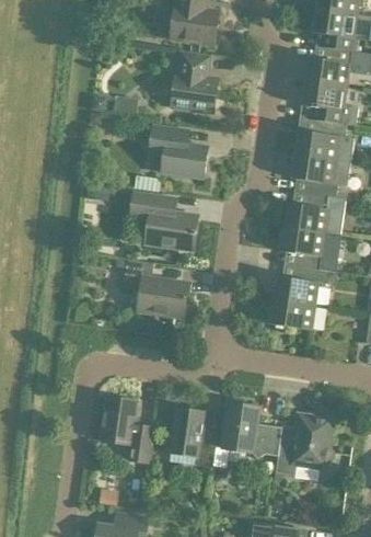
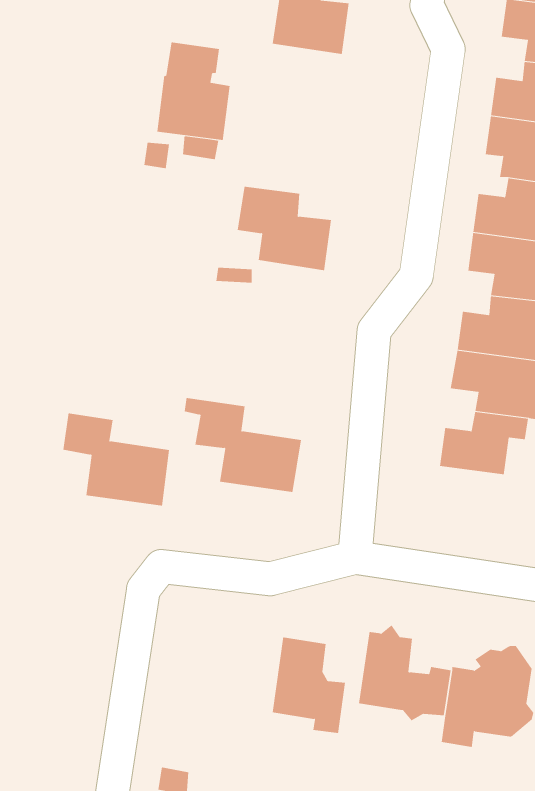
building: [172,52,218,113] -> [157,42,231,140]
building: [131,193,198,251] -> [63,413,170,506]
building: [271,300,315,330] -> none
building: [101,395,154,462] -> none

